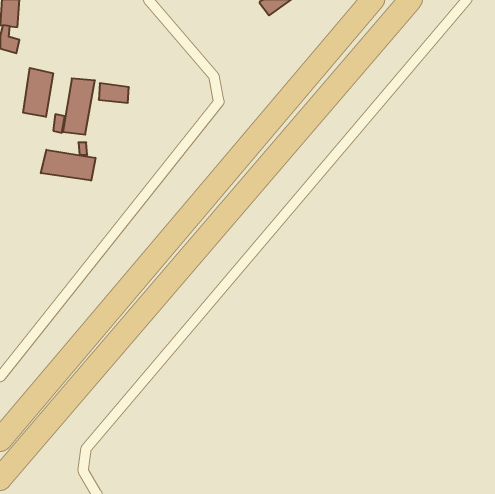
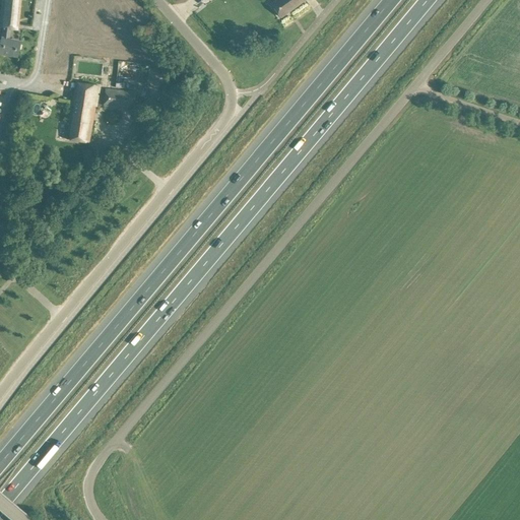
building: [23,68,53,117] -> none
building: [41,150,95,181] -> none

